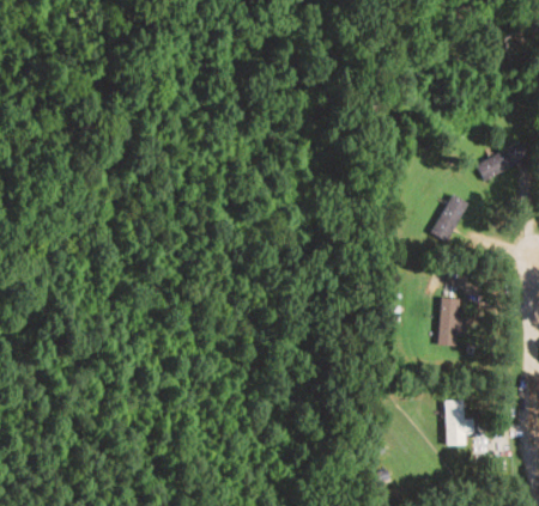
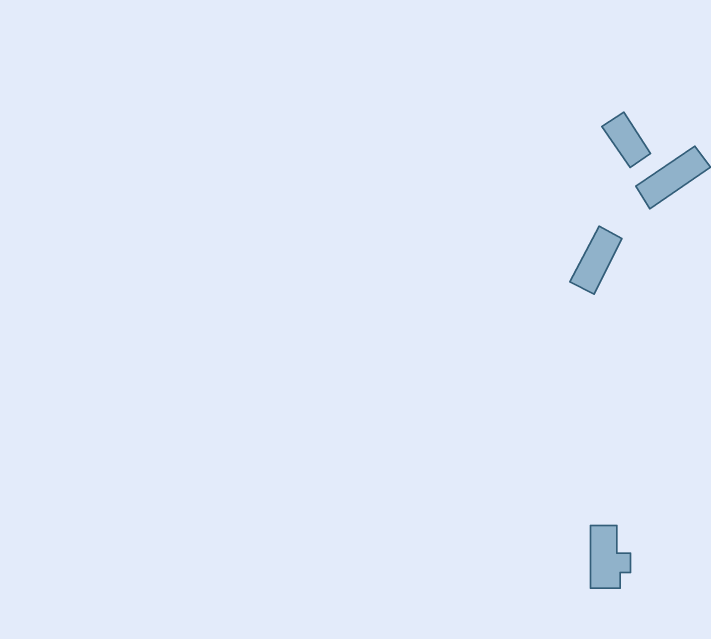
building: none -> [602,112,650,168]
building: [440,299,458,346] -> none

